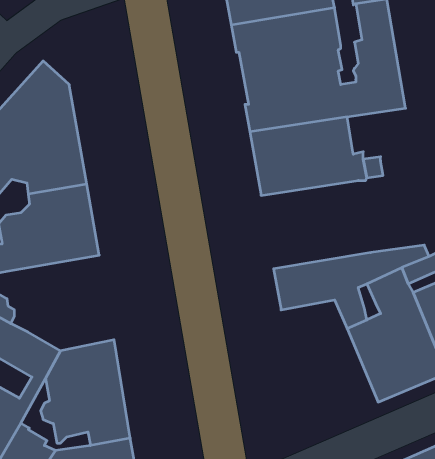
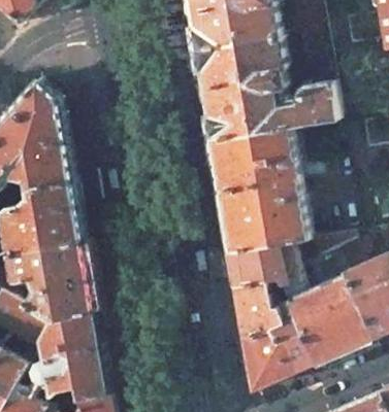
building: none -> [217,180,307,253]
building: none -> [6,242,95,321]
building: none -> [233,279,314,390]

